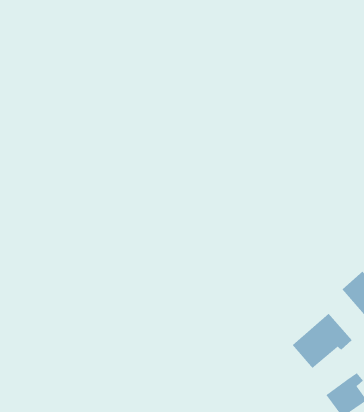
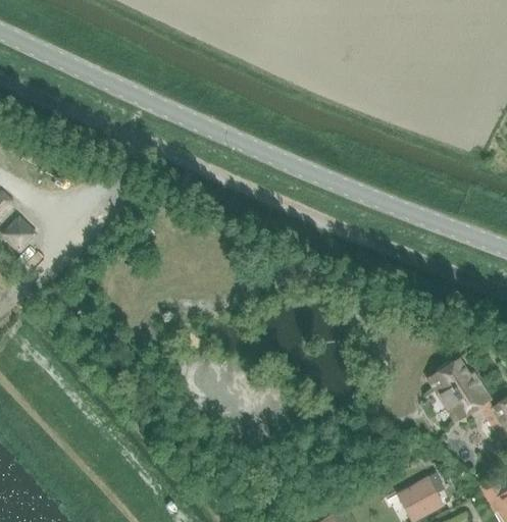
building: [292,313,353,369] -> none

